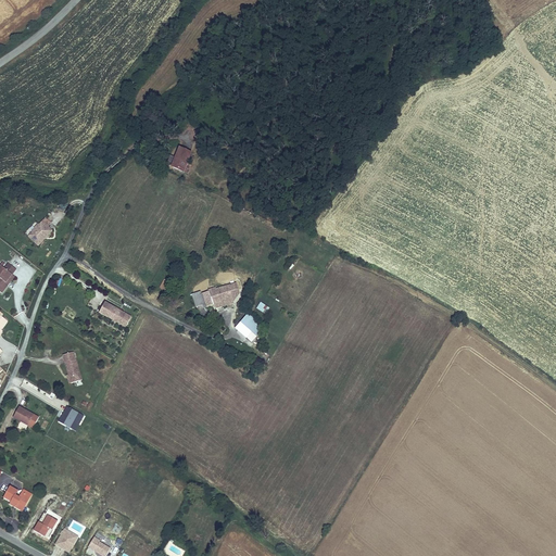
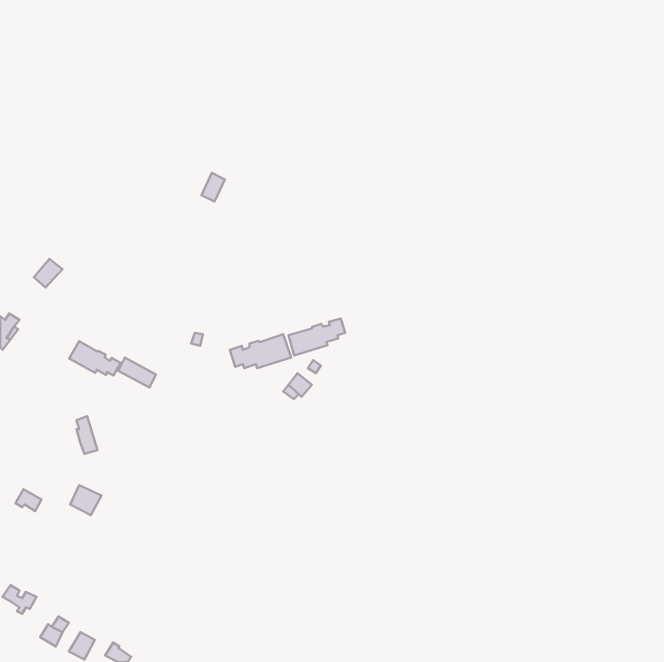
building: none -> [288,318,345,356]
building: none -> [69,341,120,376]

